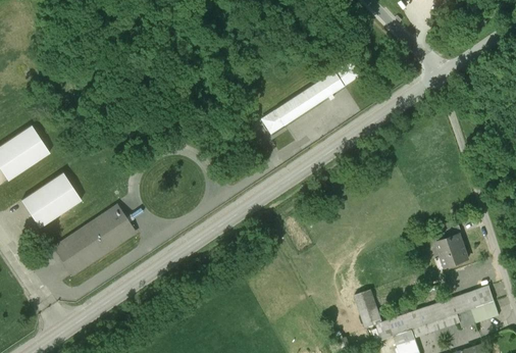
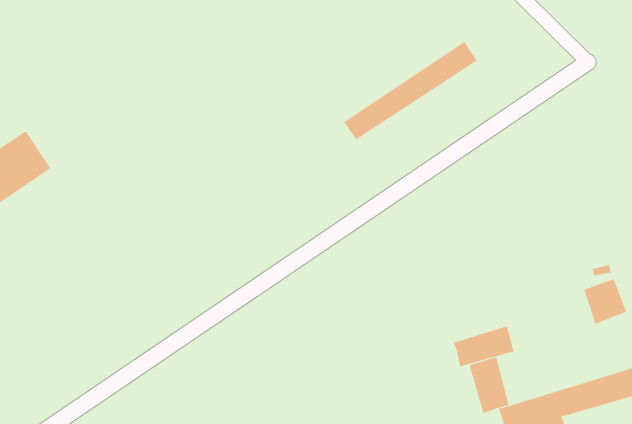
building: [21,173,80,226] -> none
building: [53,204,135,273] -> none
building: none -> [454,325,514,367]

